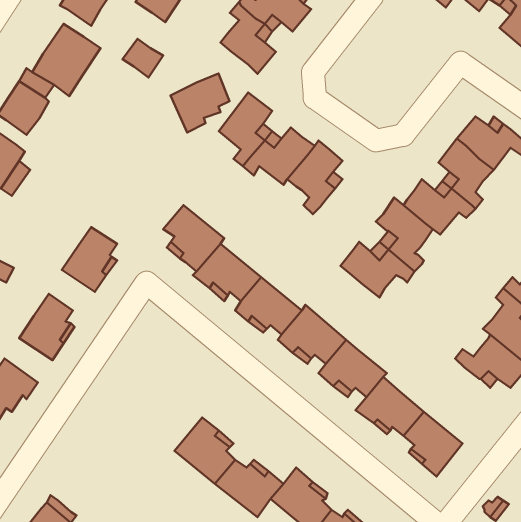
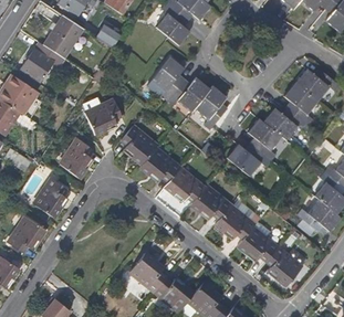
building: [171,73,230,132] -> [86,98,122,134]

